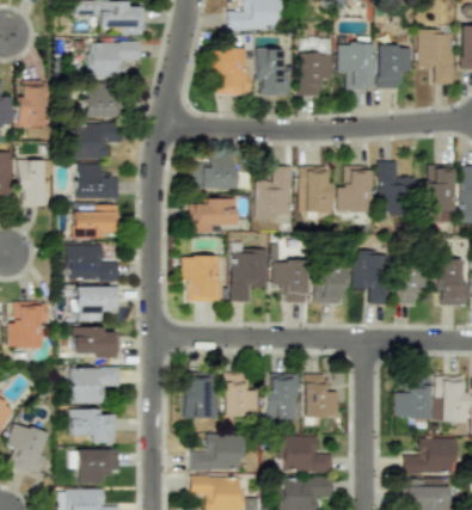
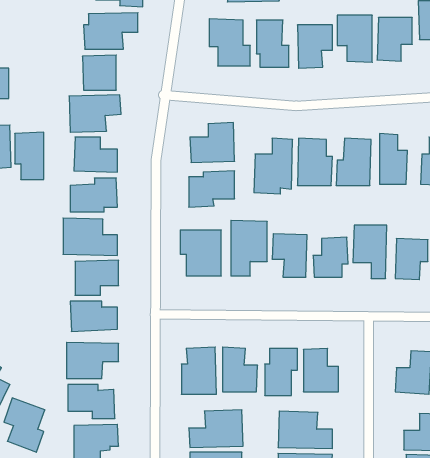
building: [17,80,44,127] -> none
building: [8,301,48,348] -> none

